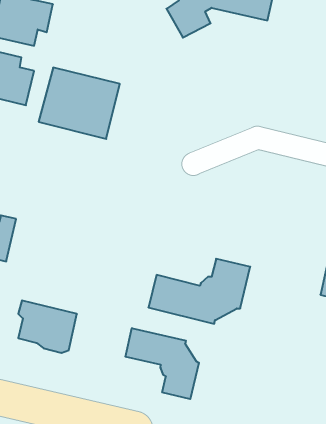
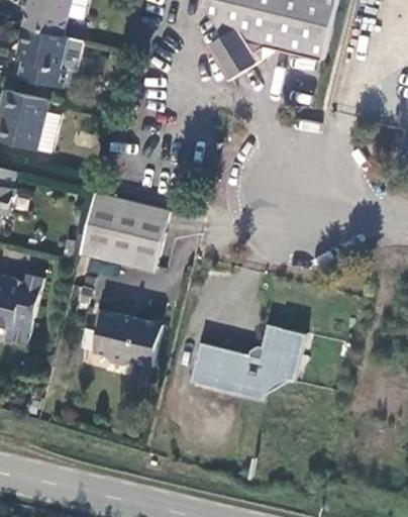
building: [39,68,120,139] -> [79,191,170,271]
building: [18,300,77,353] -> [95,309,161,368]
building: [125,328,199,399] -> none

